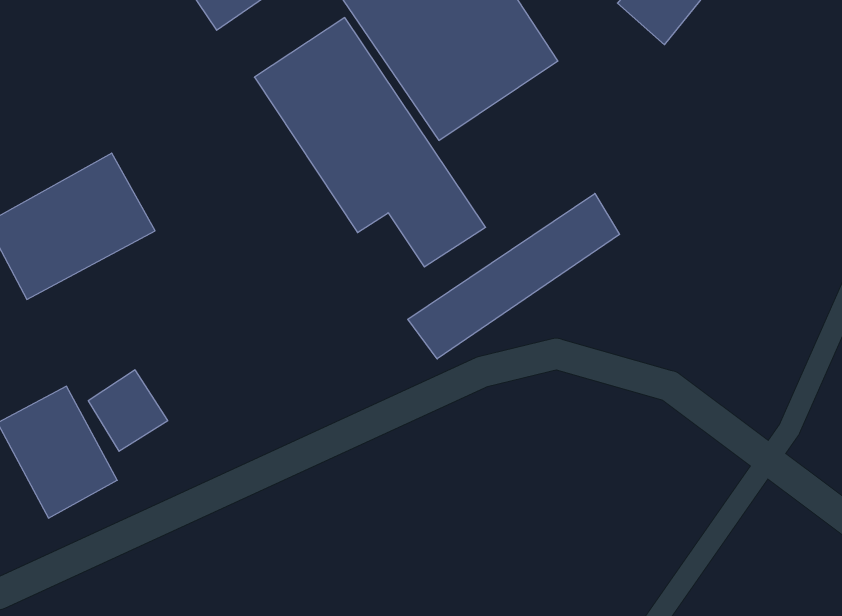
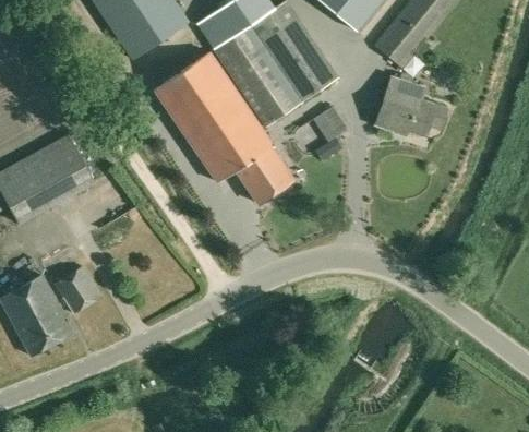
building: none -> [376,76,447,135]
building: none -> [313,105,348,141]
building: [408,193,620,359] -> none

